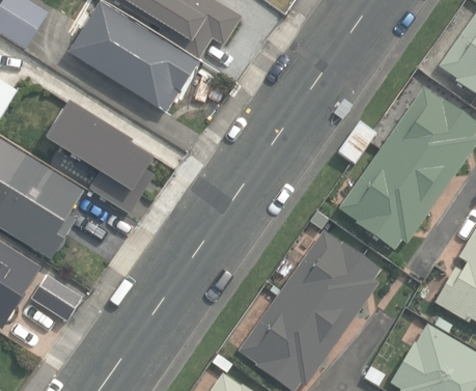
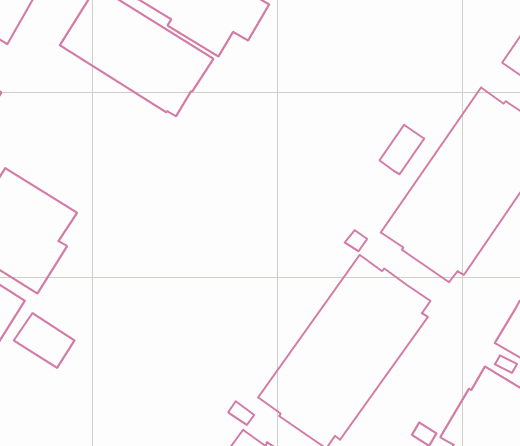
building: [51,102,160,215] -> none

